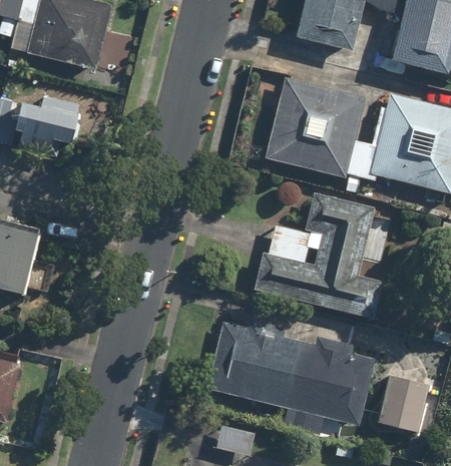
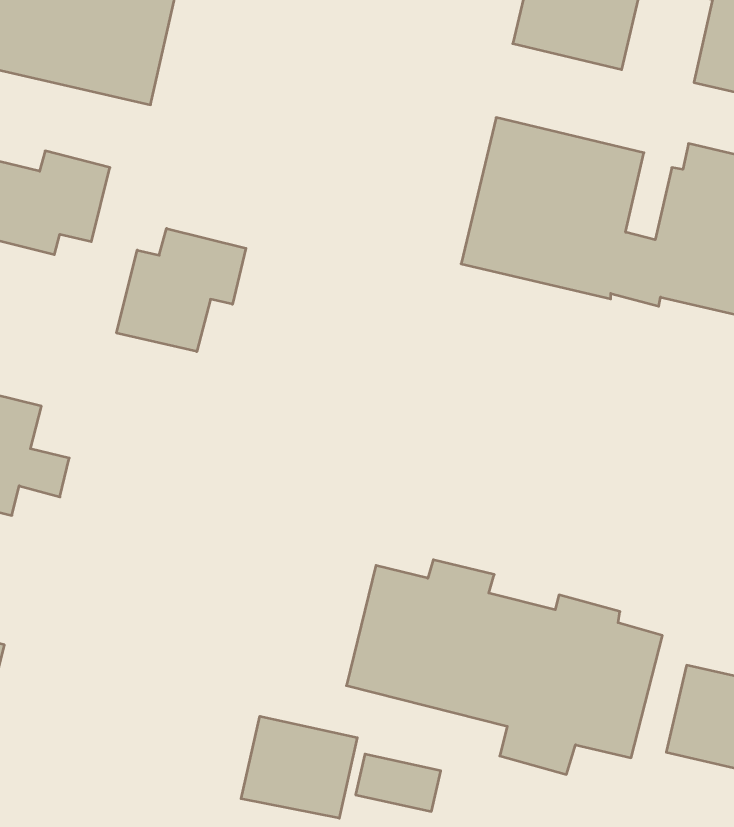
building: none -> [117,228,246,352]
building: [253,192,382,317] -> none
building: none -> [241,716,357,818]

